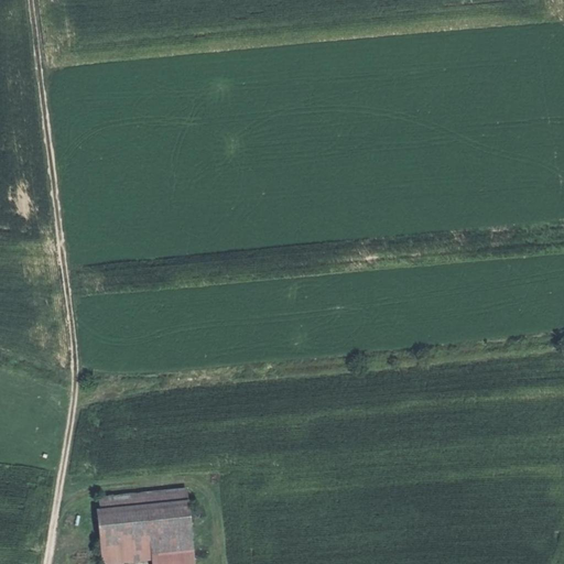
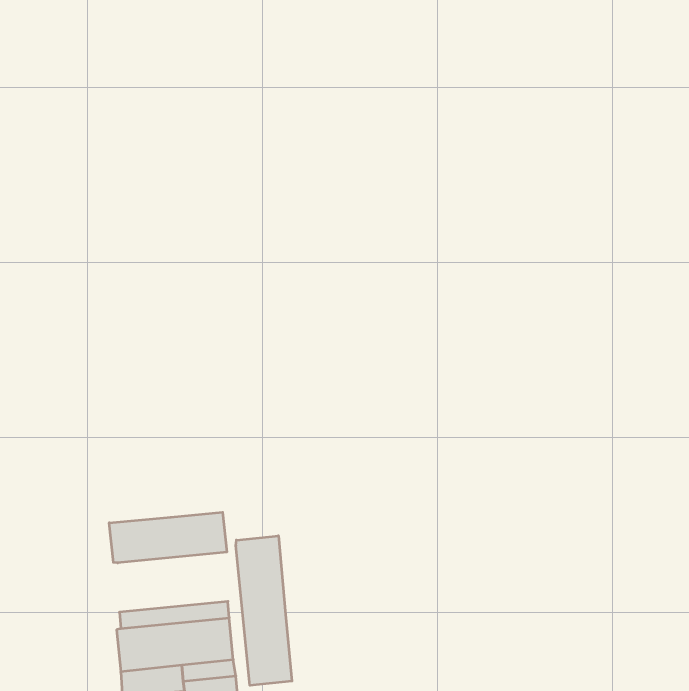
building: none -> [109,512,227,563]
building: none -> [236,536,292,685]

